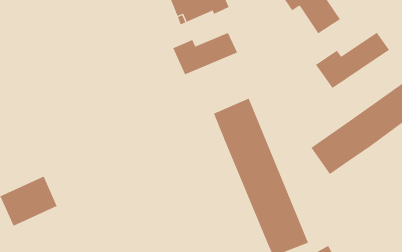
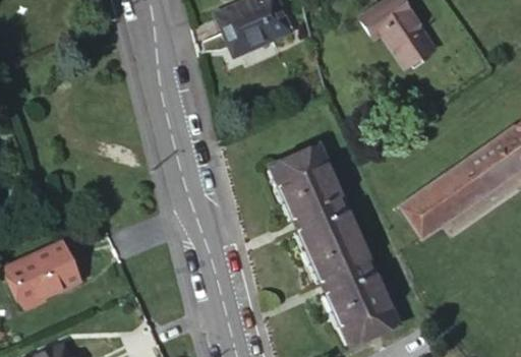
building: [315,32,390,89] -> none
building: [173,32,238,75] -> none

